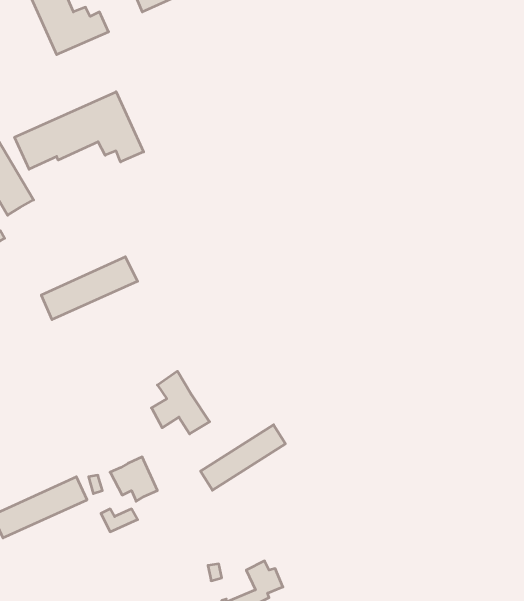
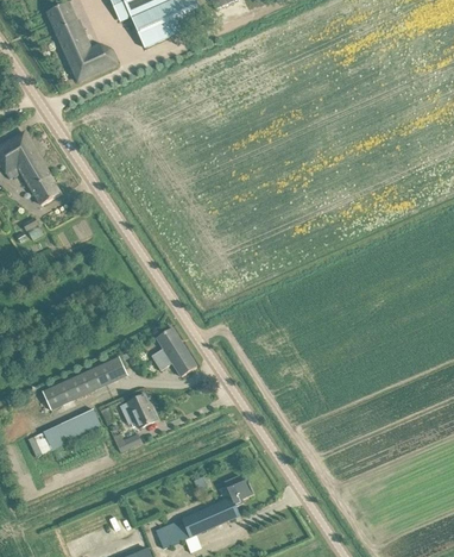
building: [15,92,144,169] -> none
building: [41,257,138,320] -> [42,362,116,411]
building: [201,425,285,490] -> none

